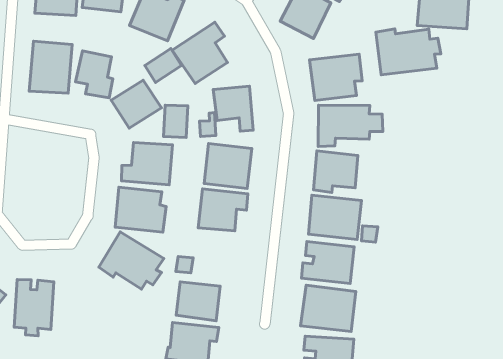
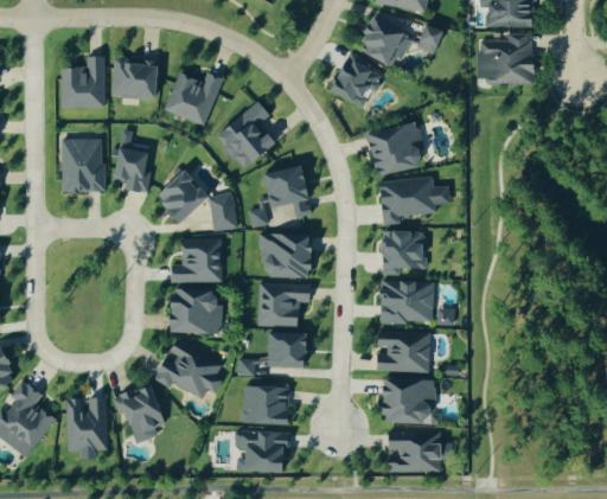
building: [376,29,441,75] -> none
building: [145,48,182,83] -> none
building: none -> [266,333,305,367]
building: none -> [113,384,165,443]

